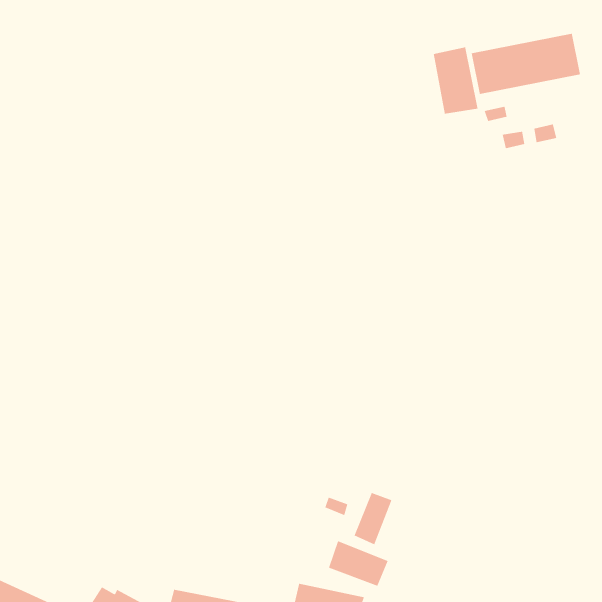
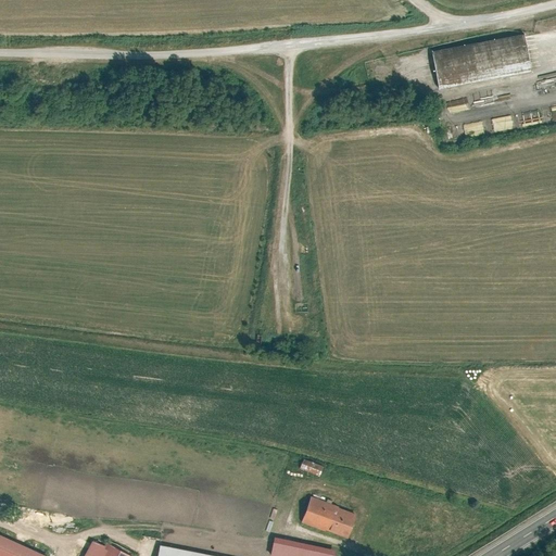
building: [433,47,478,114] -> none
building: [354,492,392,545] -> none

